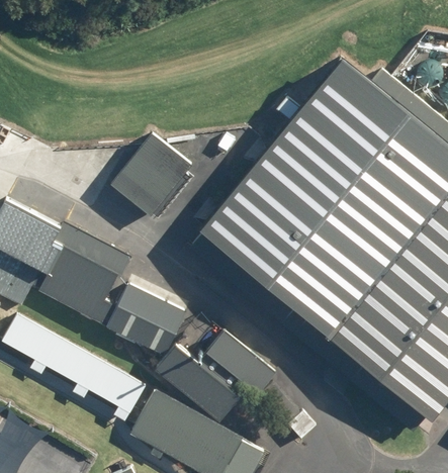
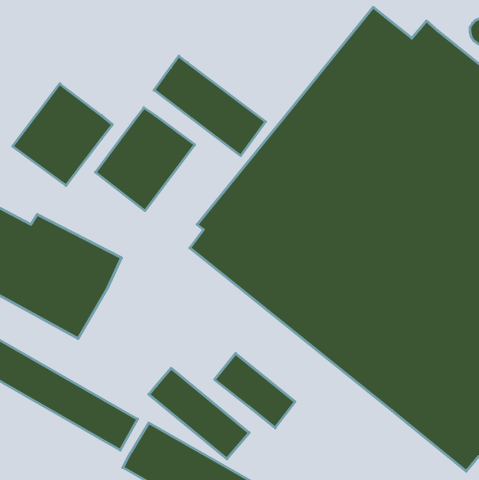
building: none -> [154,56,266,156]
building: none -> [13,84,112,186]
building: [108,285,184,355] -> none

